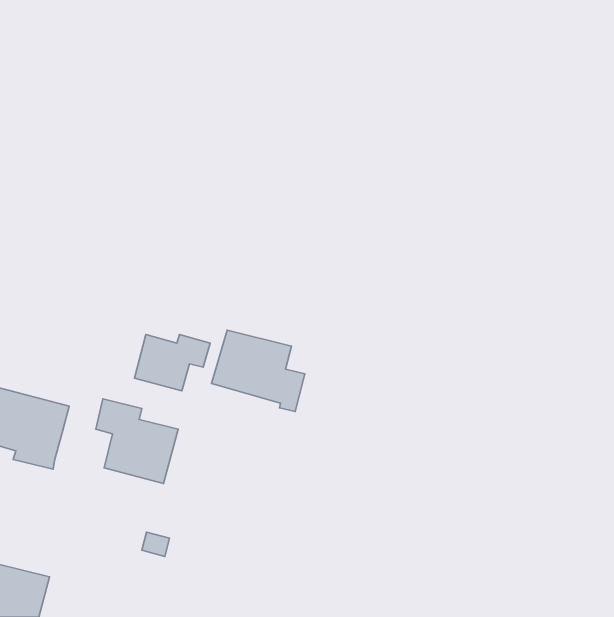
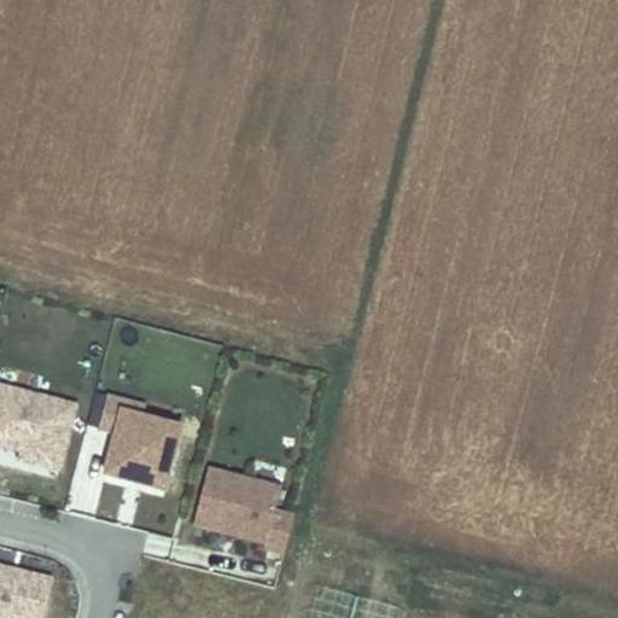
building: [212,330,305,411] -> [194,467,287,548]
building: [134,334,210,391] -> none

